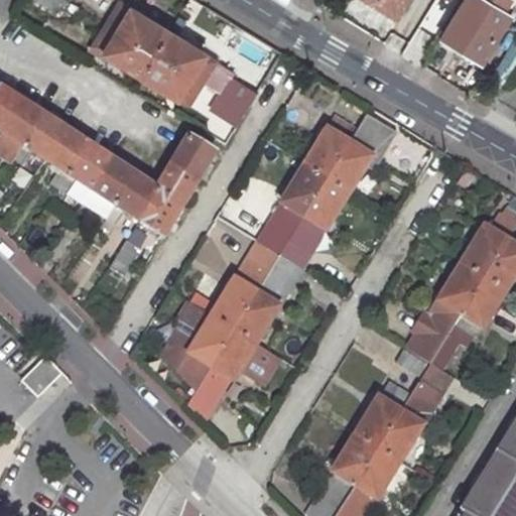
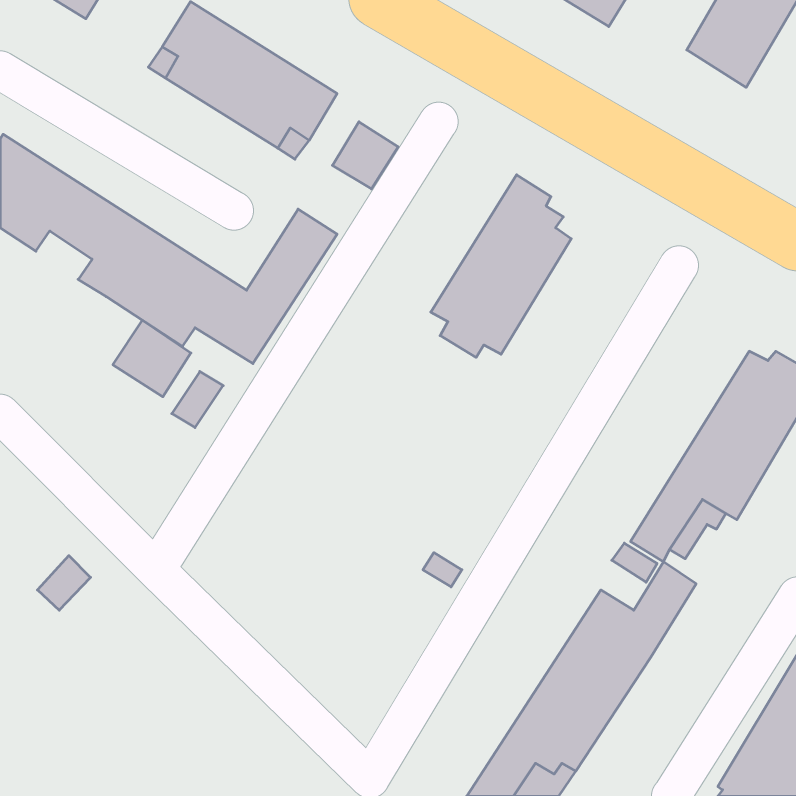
building: none -> [113,320,191,397]
building: [160,213,317,418] -> none

